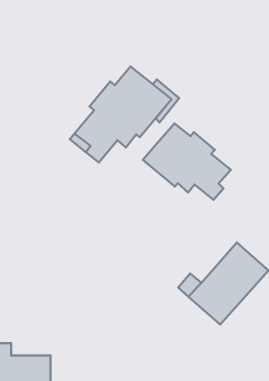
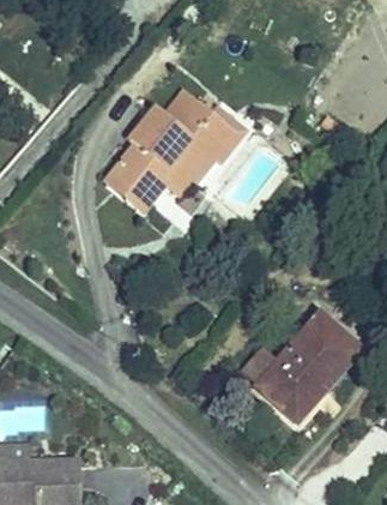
building: [143,123,231,200] -> none

